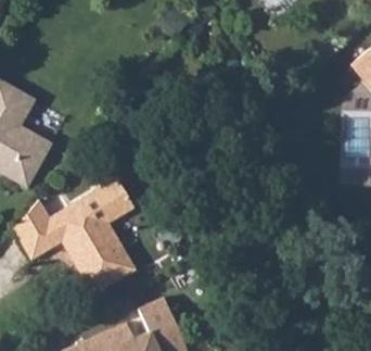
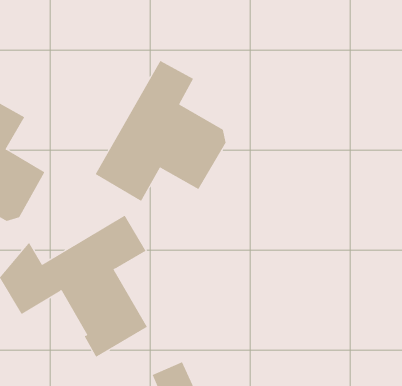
building: none -> [95,60,226,202]

